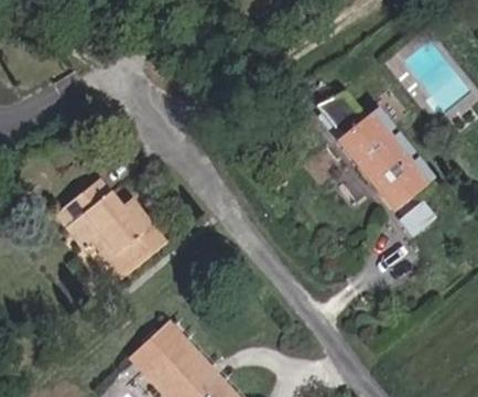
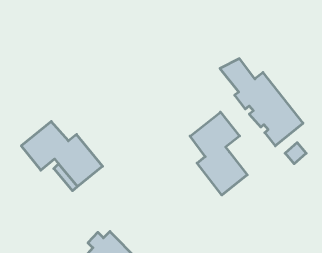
building: none -> [190,112,247,195]

